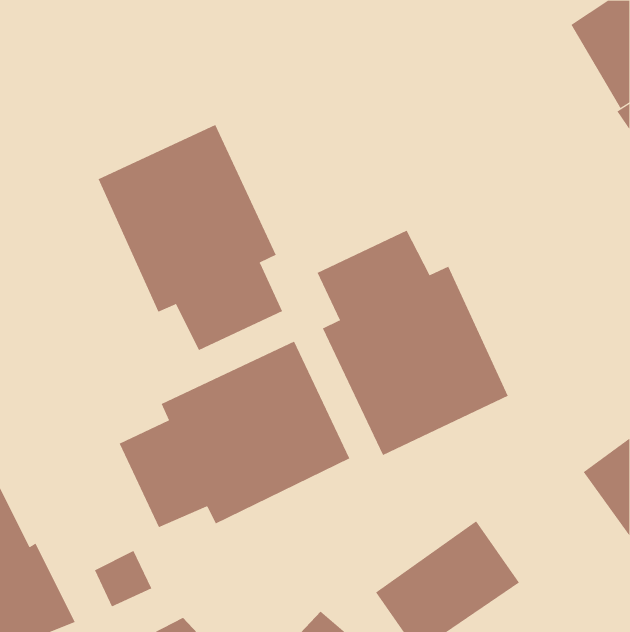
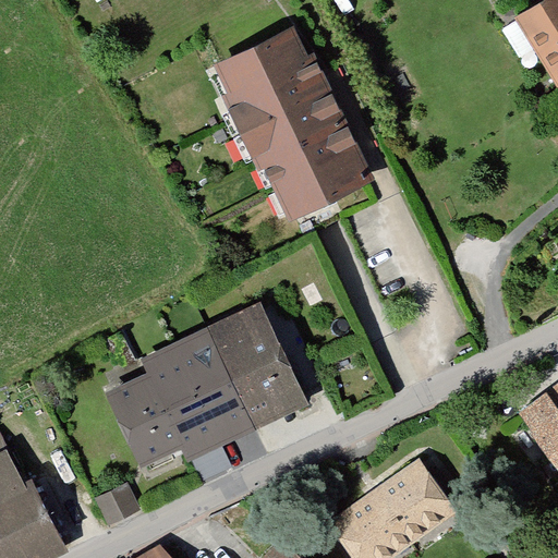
building: none -> [211,26,379,227]
building: [98,124,283,351] -> none
building: [317,230,508,456] -> none

